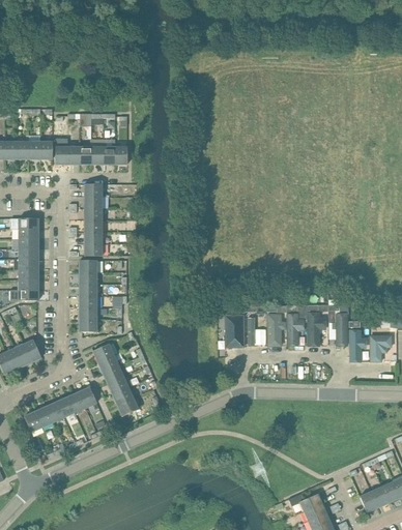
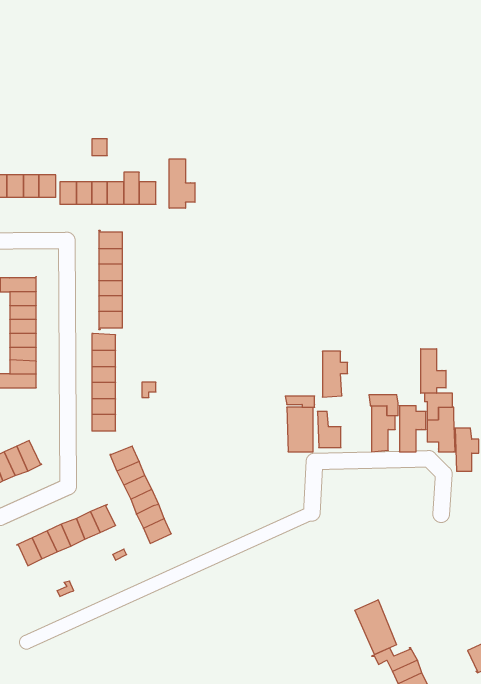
building: none -> [169,159,195,208]
building: none -> [421,349,446,393]
building: [267,313,286,347] -> [322,351,348,397]
building: none -> [355,600,397,655]

